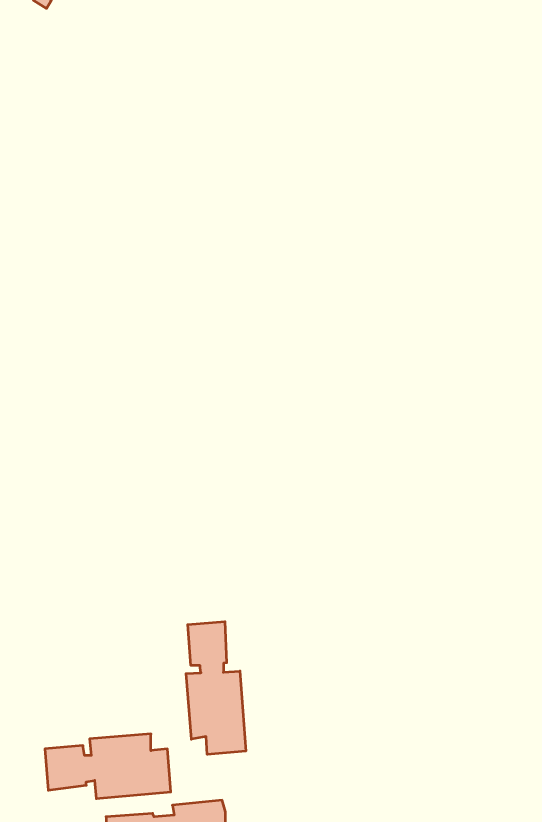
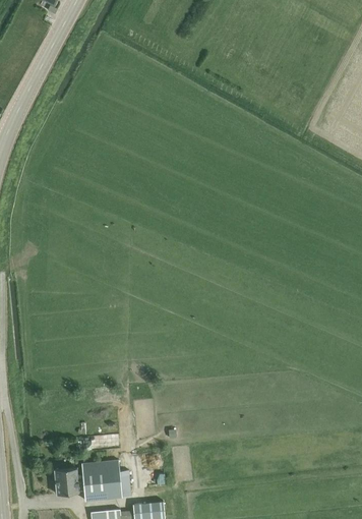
building: [186,622,246,754] -> none

